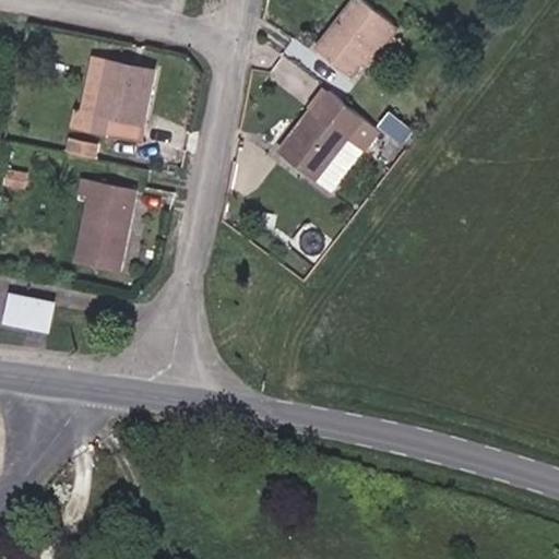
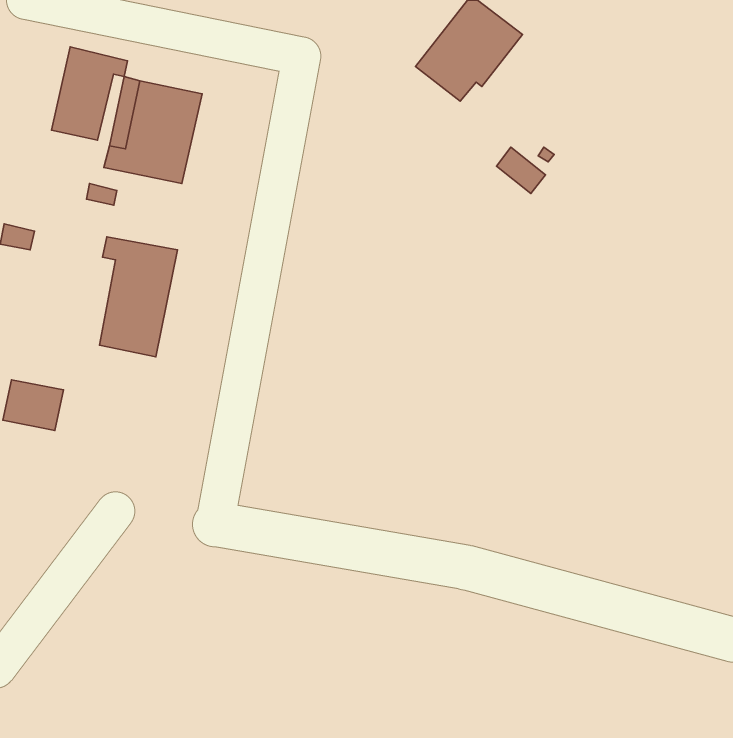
building: none -> [51,47,127,140]
building: [280,93,378,192] -> none

